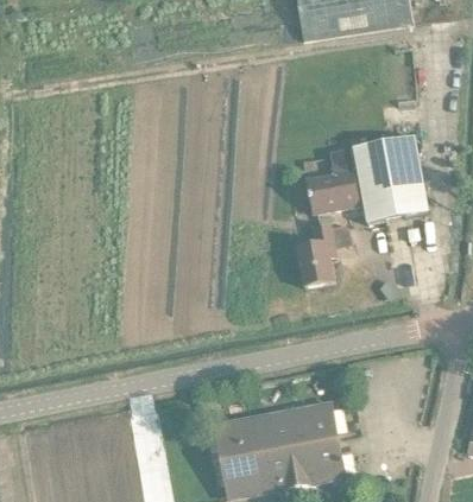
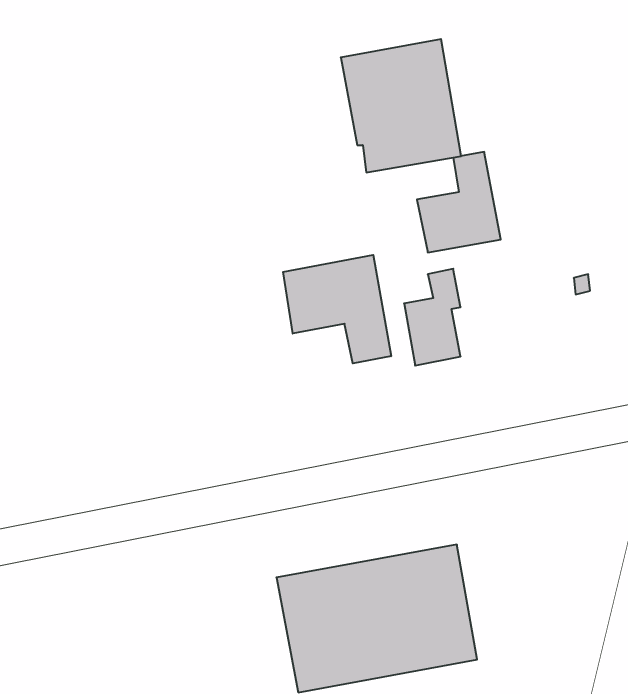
building: [349,135,428,222] -> [341,39,461,172]
building: none -> [283,255,391,363]

